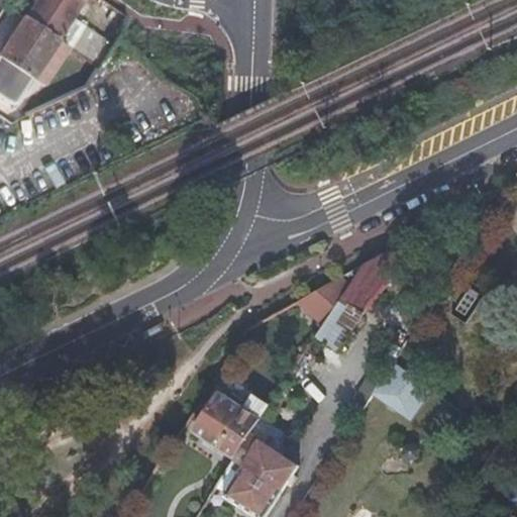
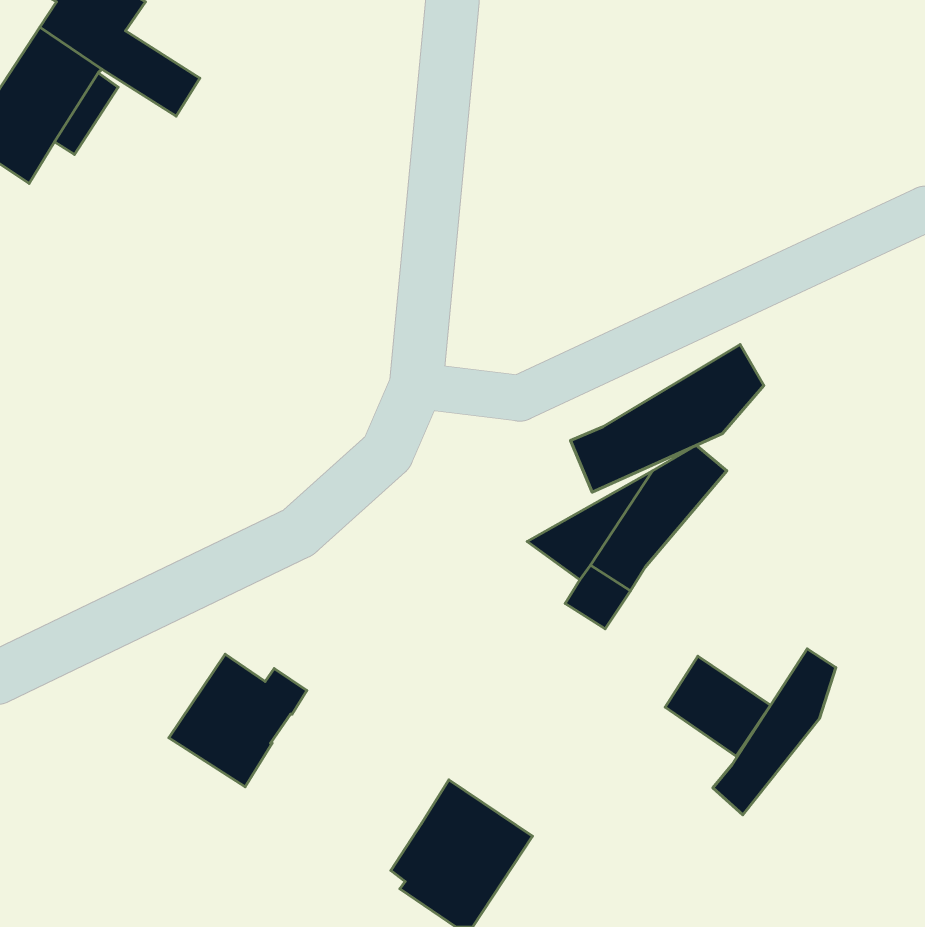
building: none -> [570,344,764,492]
building: none -> [713,649,836,815]
building: [192,384,269,457] -> [169,654,307,787]

